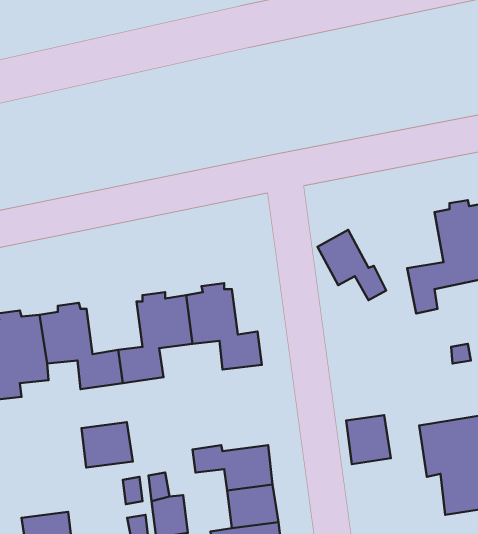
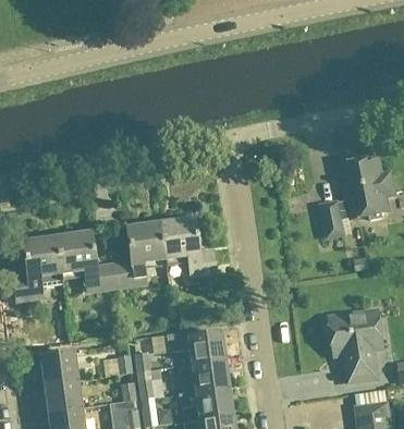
building: [318,230,386,300] -> none
building: [346,415,391,464] -> none
building: [81,422,133,468] -> [40,351,77,383]

